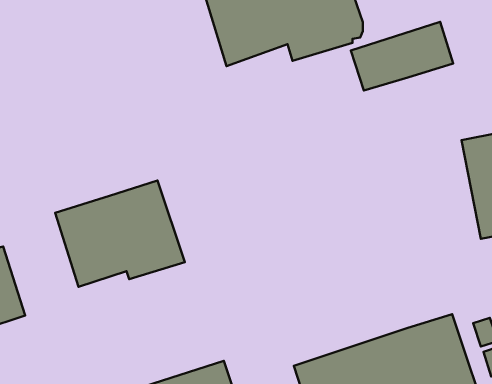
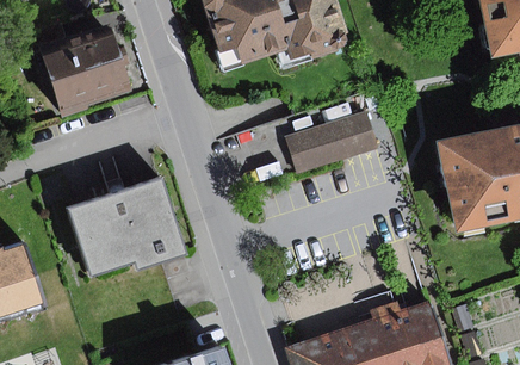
building: none -> [39,24,130,115]
building: [351,22,453,91] -> [284,109,378,172]

